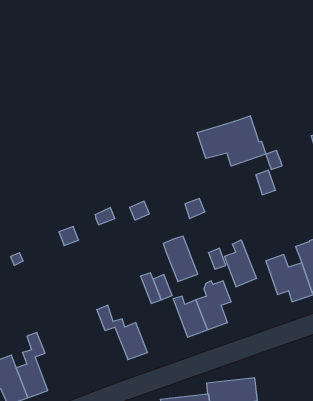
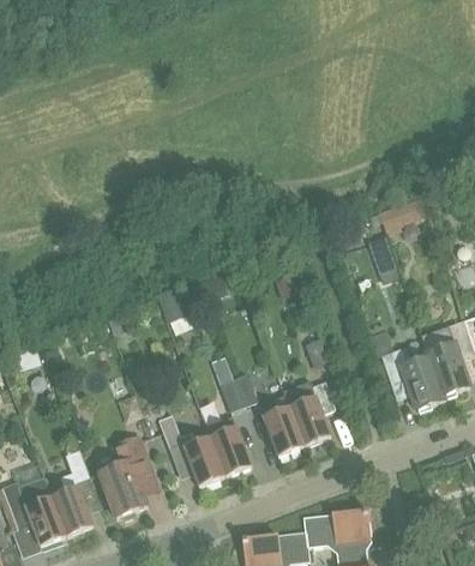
building: [197,116,266,166] -> none
building: [163,236,198,282] -> [206,416,252,476]
building: [224,240,256,287] -> none
building: none -> [100,435,156,519]

